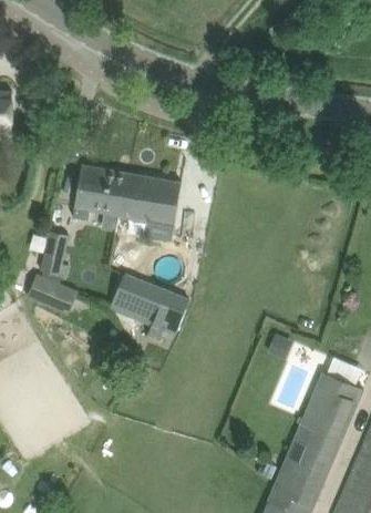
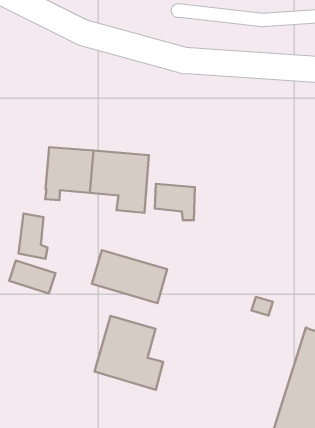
building: none -> [155,184,195,220]
building: none -> [94,316,163,390]

